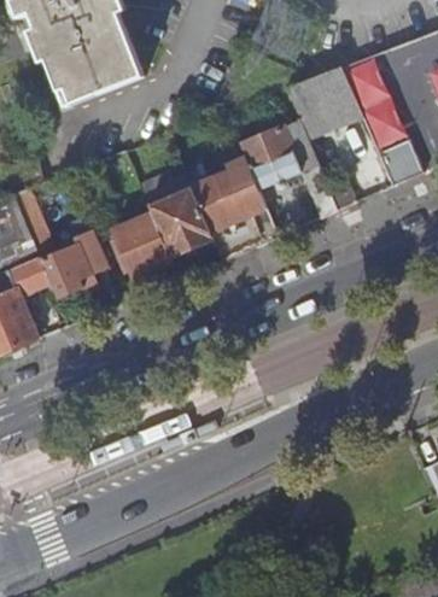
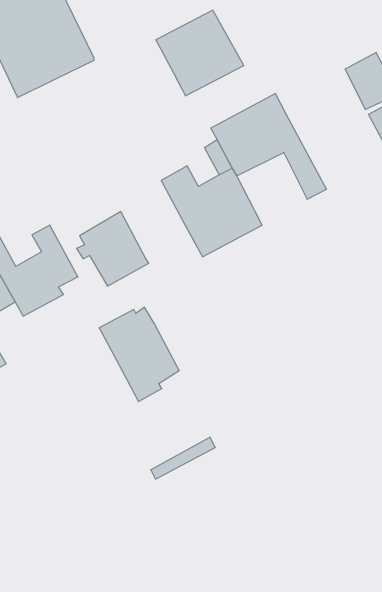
building: [346,54,392,105] -> none
building: [286,68,362,141] -> [156,10,244,96]
building: [141,172,209,256] -> [99,307,179,402]

